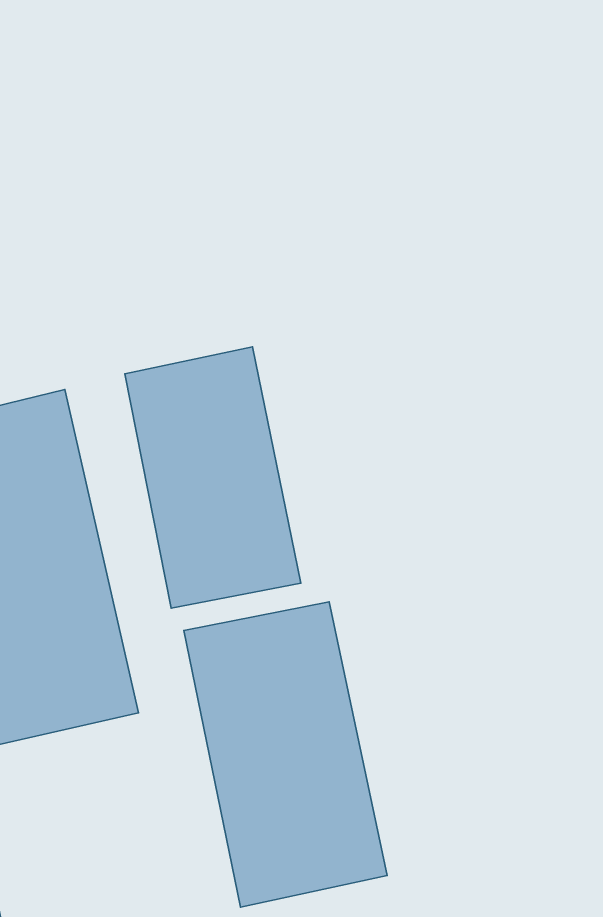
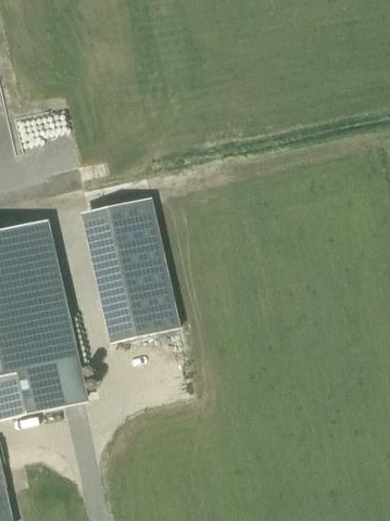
building: [184,602,387,907] -> none

